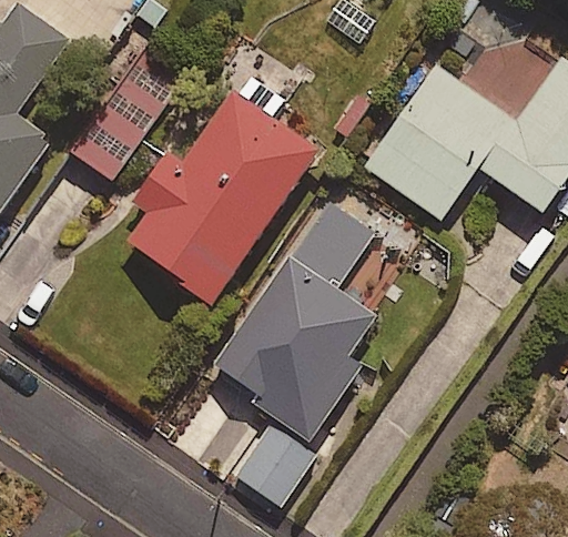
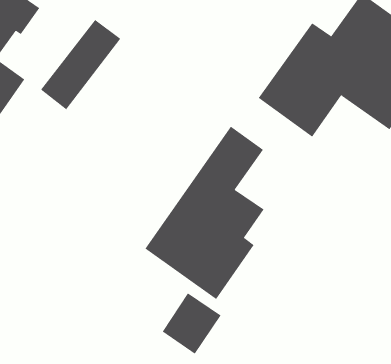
building: [128,91,317,300] -> none

